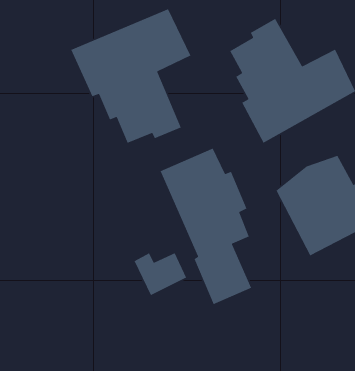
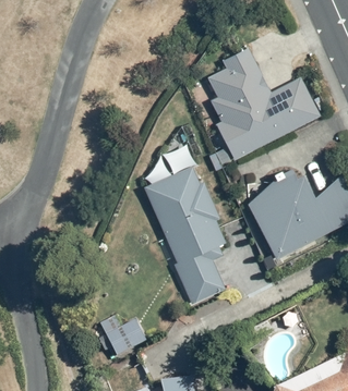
building: [70,8,192,144] -> none
building: [133,252,187,296] -> [101,317,149,356]

